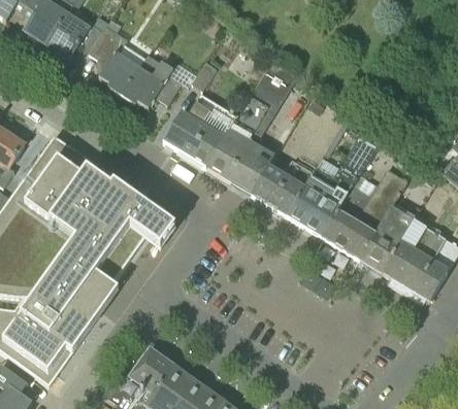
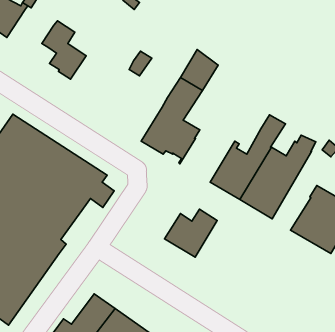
building: [47,12,103,60] -> none
building: [123,46,182,109] -> none
building: [163,95,237,168] -> none
building: [252,160,314,216] -> [165,209,217,257]
building: [361,180,414,273] -> none

